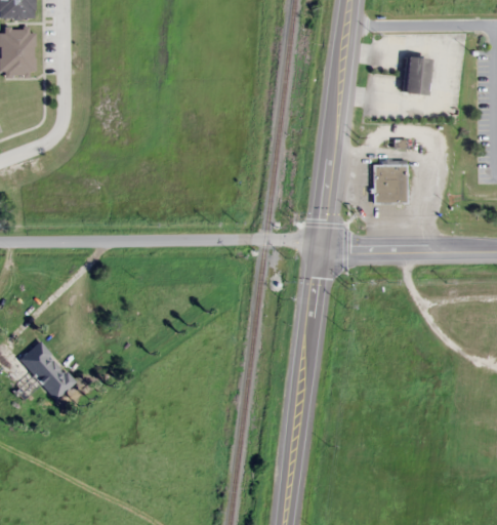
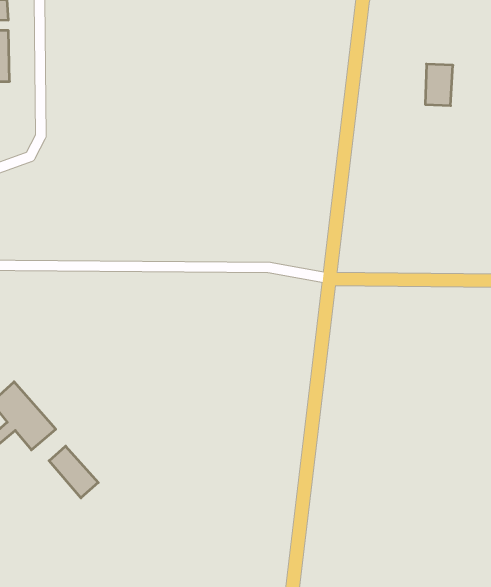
building: [373,164,409,204] -> none
building: none -> [49,446,98,498]

